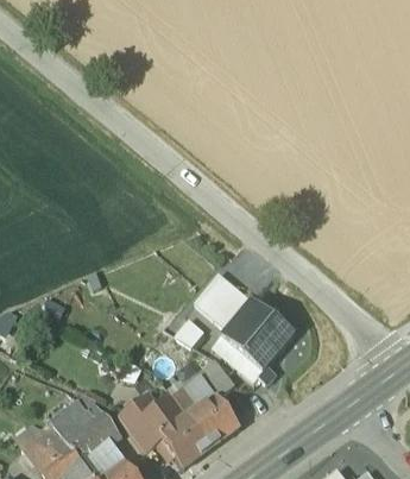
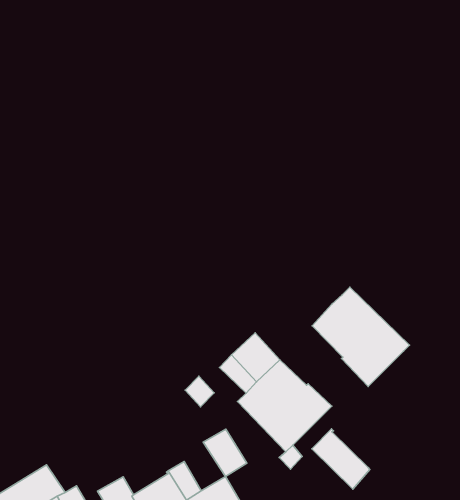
building: none -> [312,287,410,387]
building: none -> [312,429,370,489]

